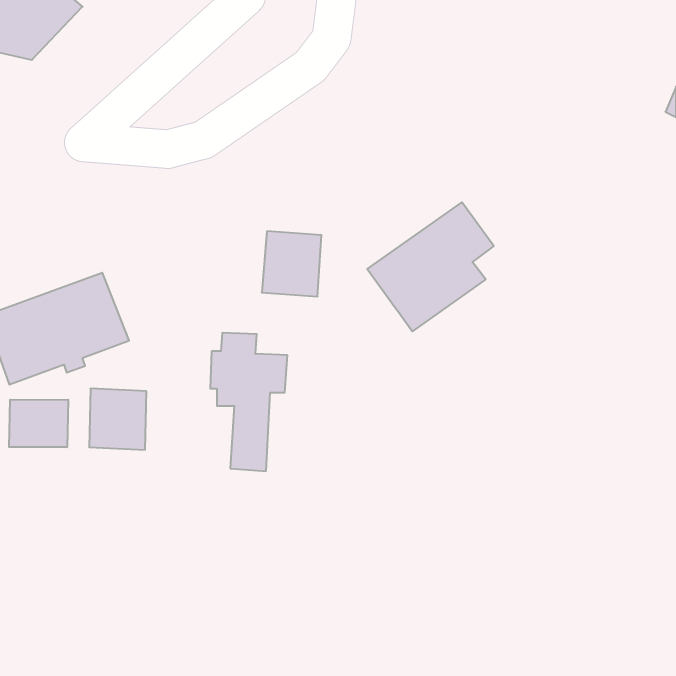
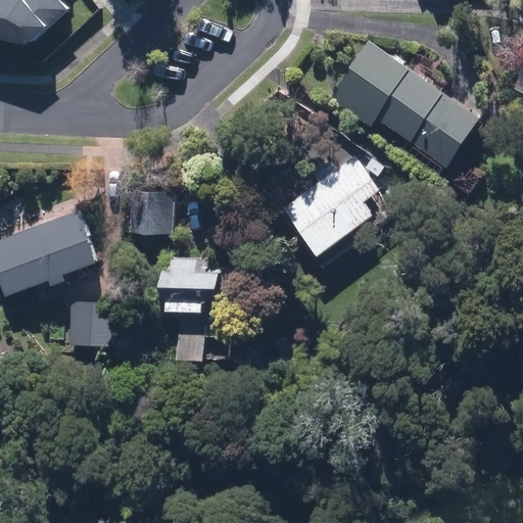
building: none -> [327,39,480,165]
building: [262,231,322,296] -> [127,191,173,241]
building: [9,400,68,447] -> none

